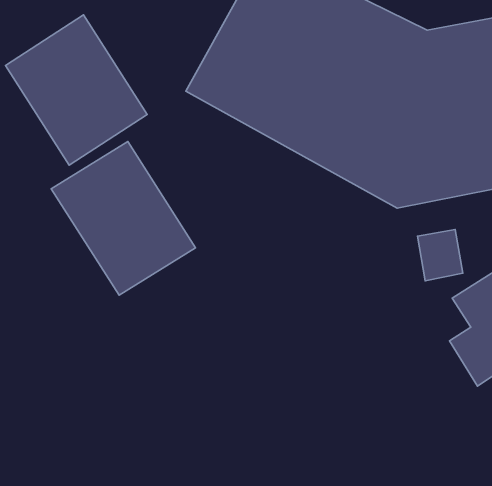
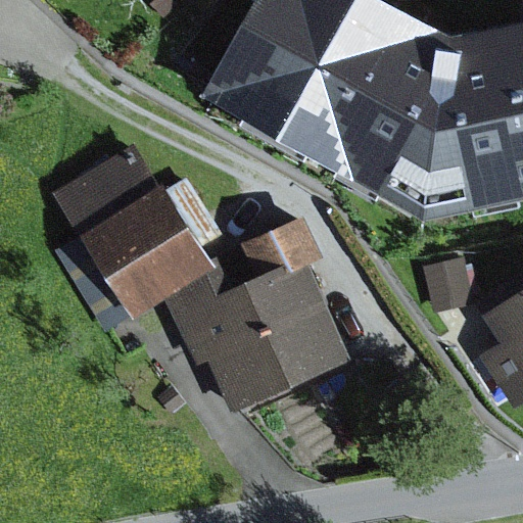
building: [6,15,147,165] -> none
building: none -> [176,218,353,420]

